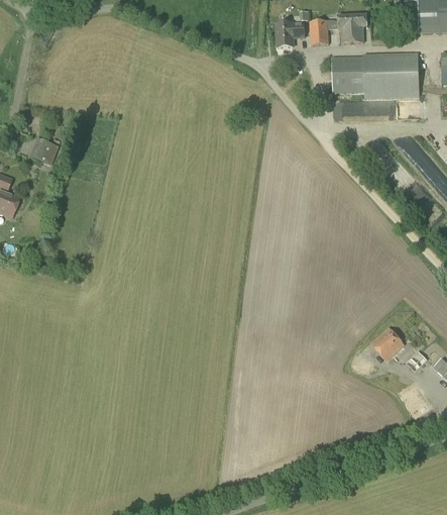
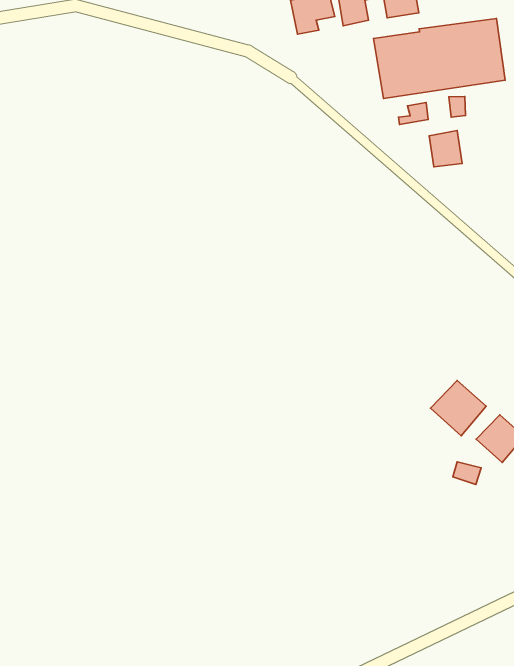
building: none -> [429,130,462,167]
building: none -> [431,380,486,436]

